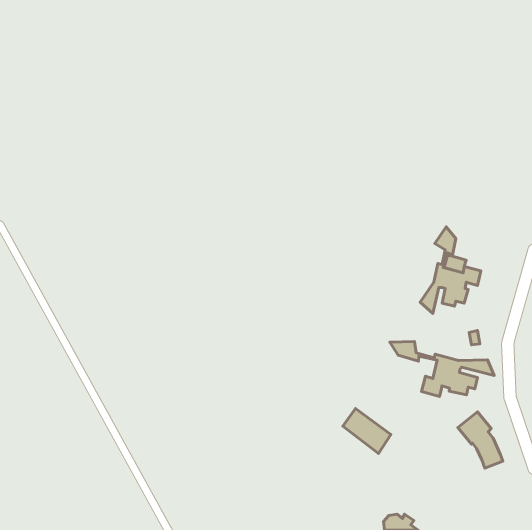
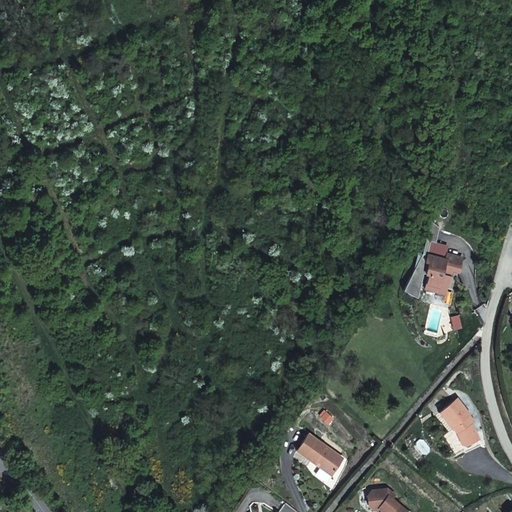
building: [390,342,494,396] -> none
building: [343,408,391,453] -> [295,434,341,477]

